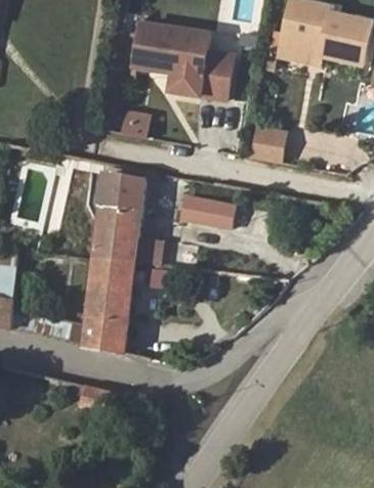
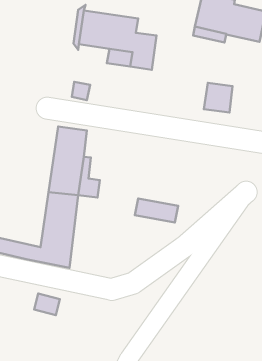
building: [250,122,287,160] -> [204,83,233,113]
building: [177,194,233,225] -> [135,199,178,223]

